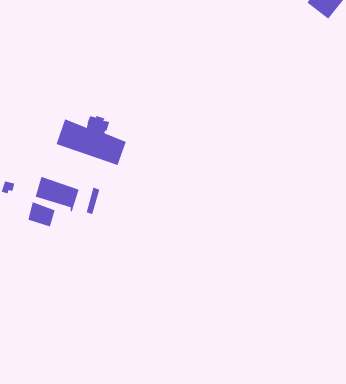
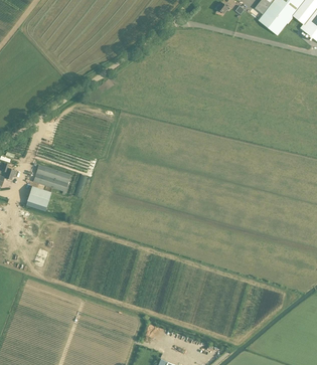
building: [56,115,127,166] -> none

